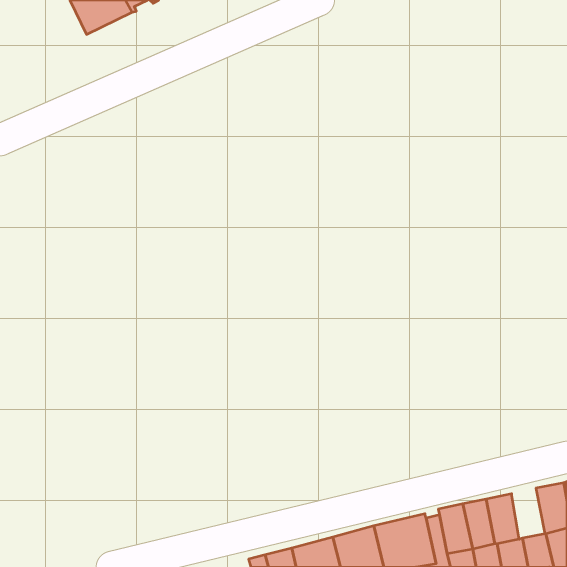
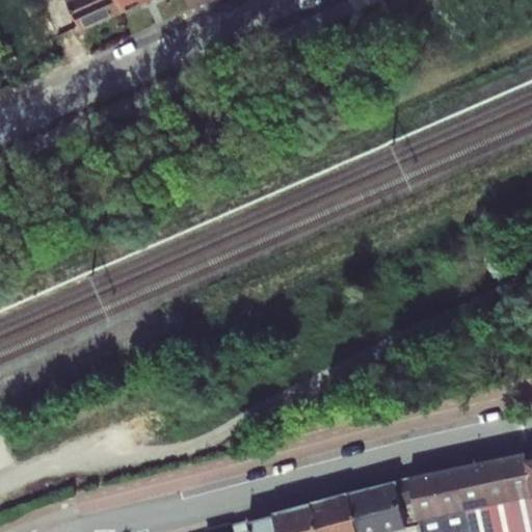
building: none -> [479,457,510,505]

